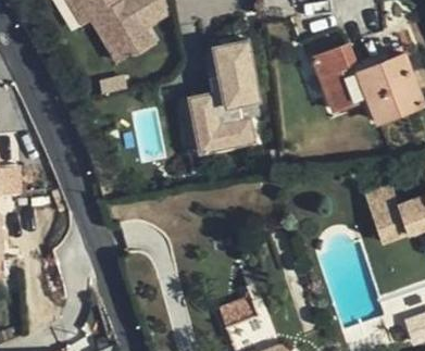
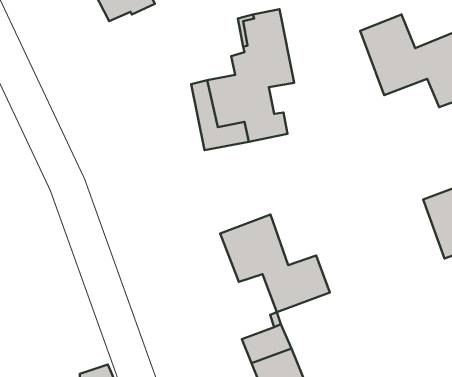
building: none -> [220,214,330,312]

